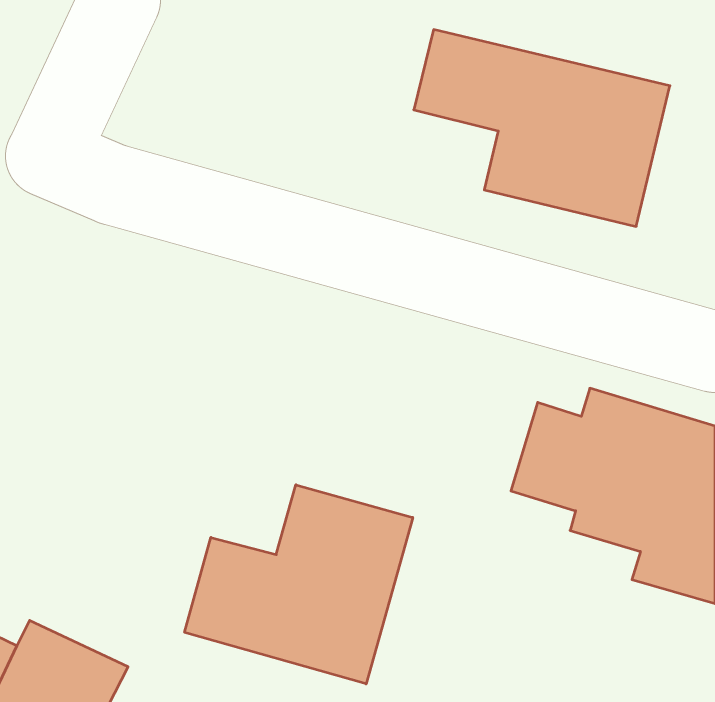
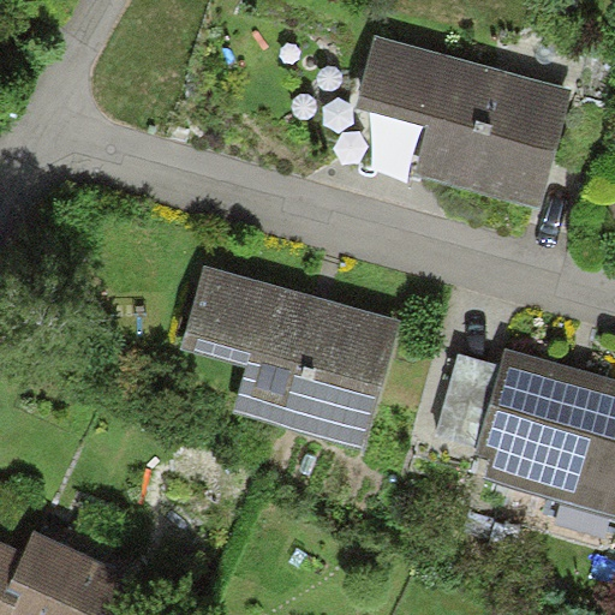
building: none -> [180,263,404,447]
building: [185,485,413,684] -> none

